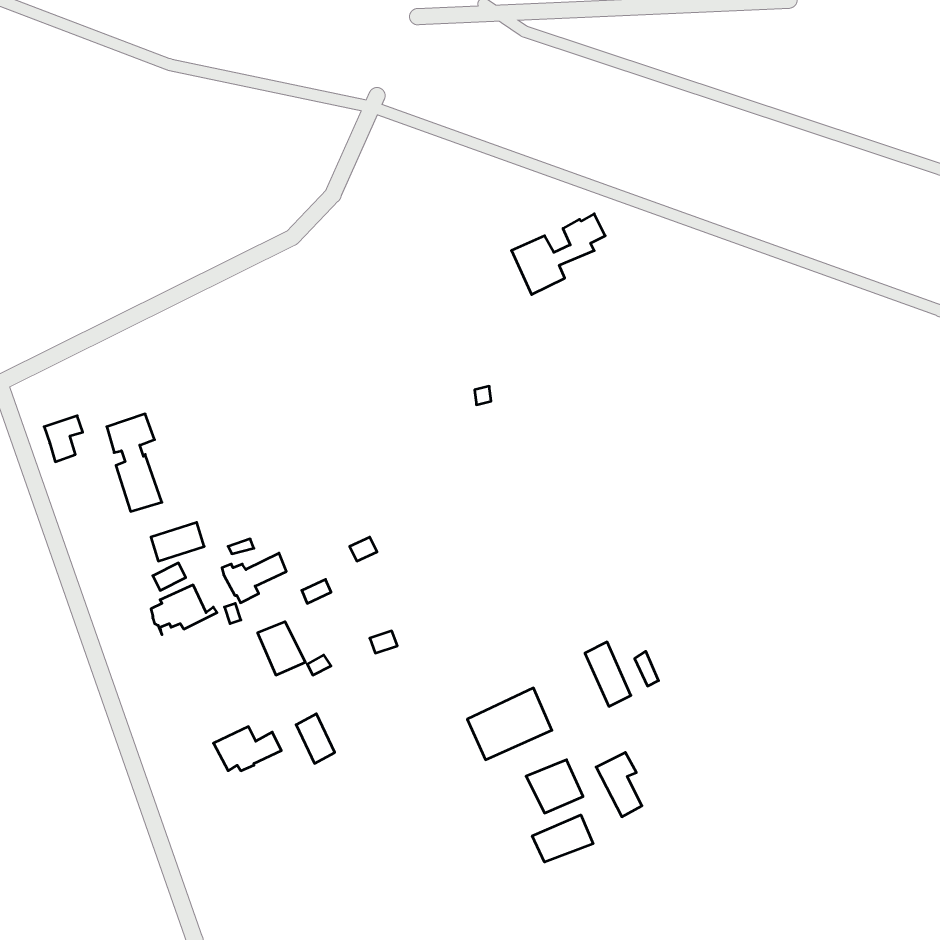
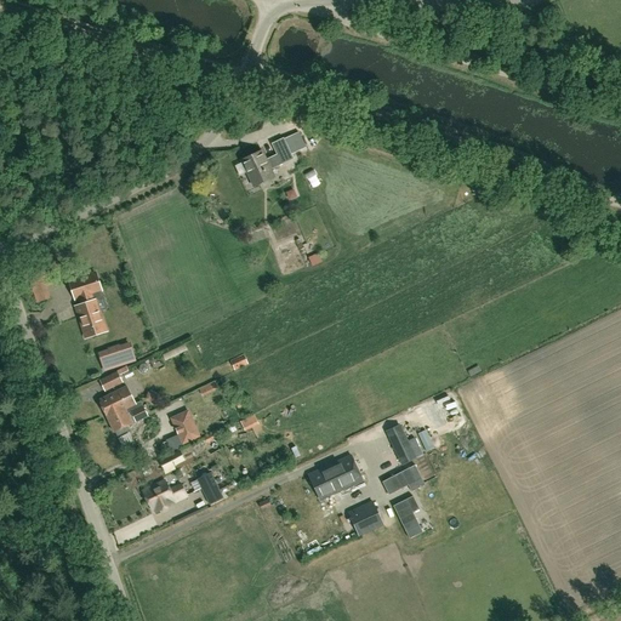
building: [511,214,605,295] -> [240,135,302,188]
building: [222,553,286,603] -> [106,404,148,437]
building: none -> [382,465,425,495]
building: [532,815,593,862] -> none

